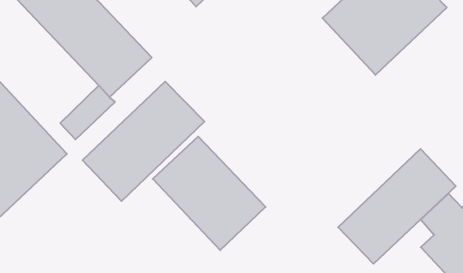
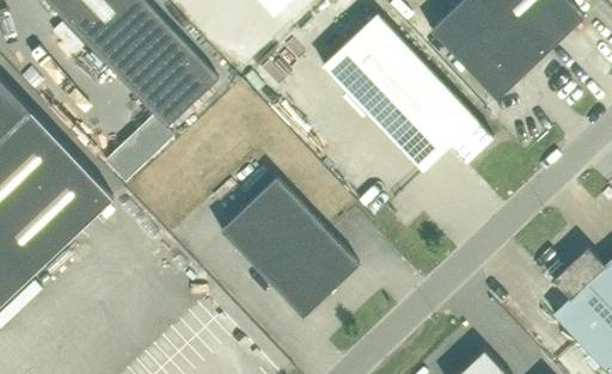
building: none -> [323,14,494,173]
building: [83,82,204,201] -> none
building: [338,149,456,264] -> none

